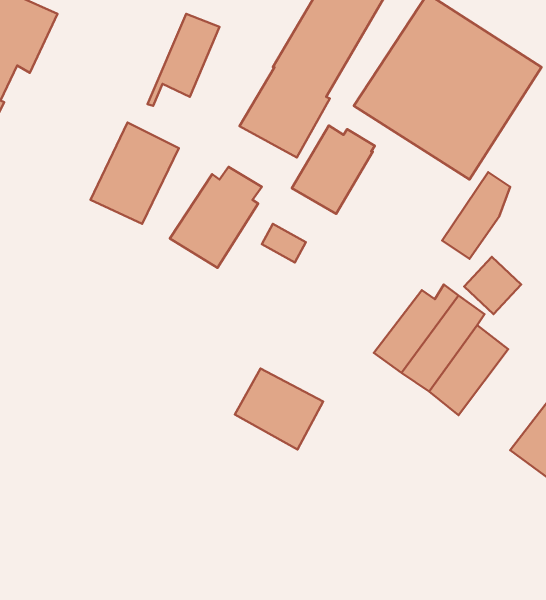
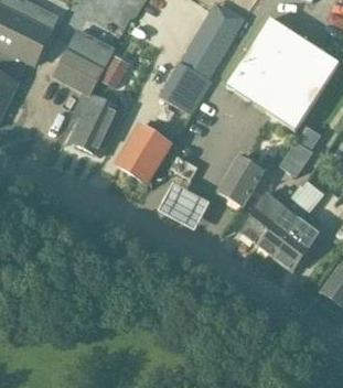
building: none -> [52,28,115,96]
building: [292,126,375,214] -> [216,157,266,209]
building: [235,368,323,450] -> [158,183,211,231]

